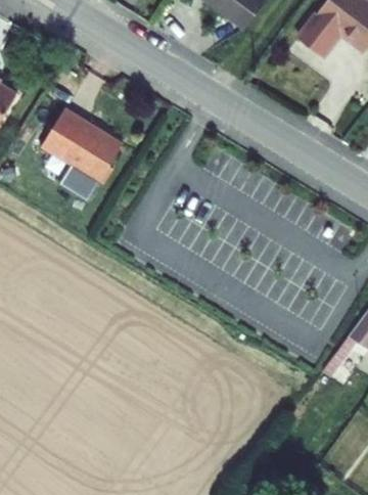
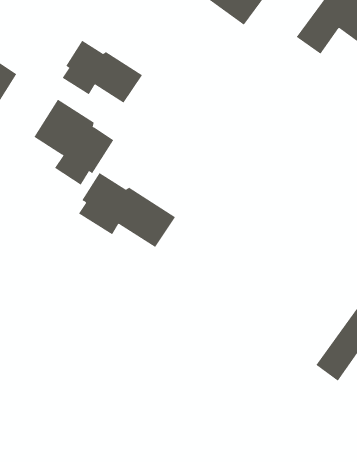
building: none -> [62,40,143,104]
building: none -> [78,172,176,248]

